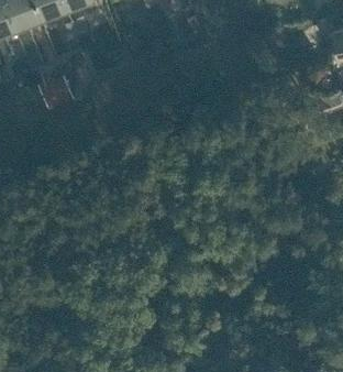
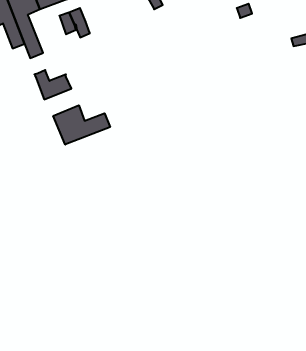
building: none -> [53,105,110,145]

